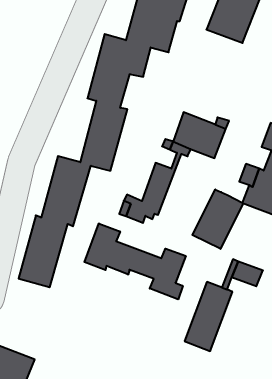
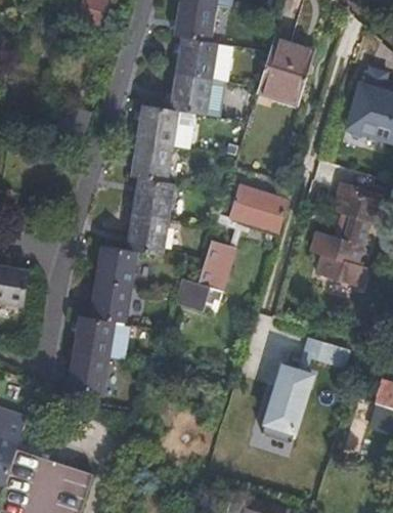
building: [192,189,243,249] -> none
building: [84,223,186,299] -> none

